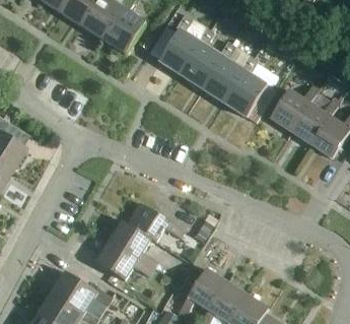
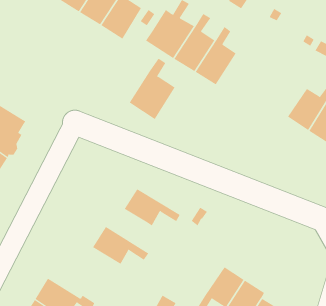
building: [219,55,266,117] -> [129,58,175,120]
building: [270,83,319,131] -> none
building: [109,220,157,268] -> none
building: [178,268,227,316] -> none
building: [51,272,113,313] -> none

